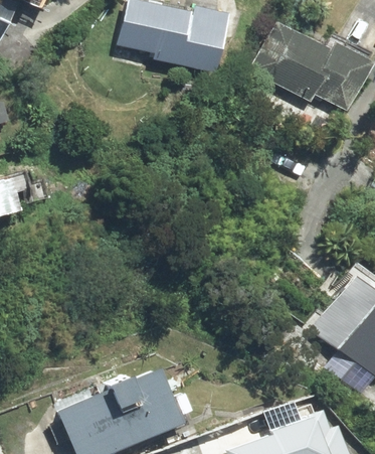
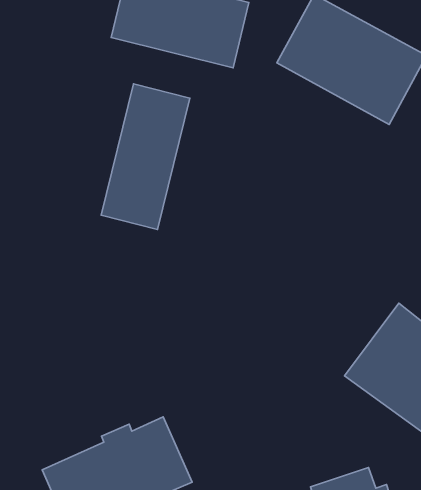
building: none -> [101,84,190,229]

